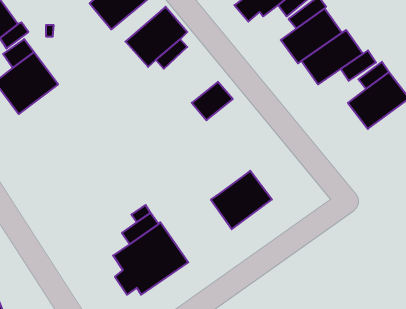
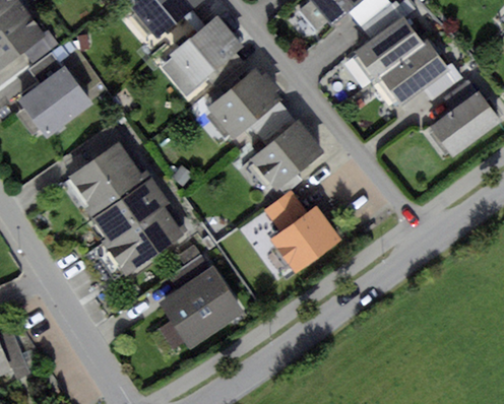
building: none -> [207,69,280,139]
building: none -> [251,120,323,190]
building: none -> [70,143,189,276]
building: none -> [263,191,306,231]

